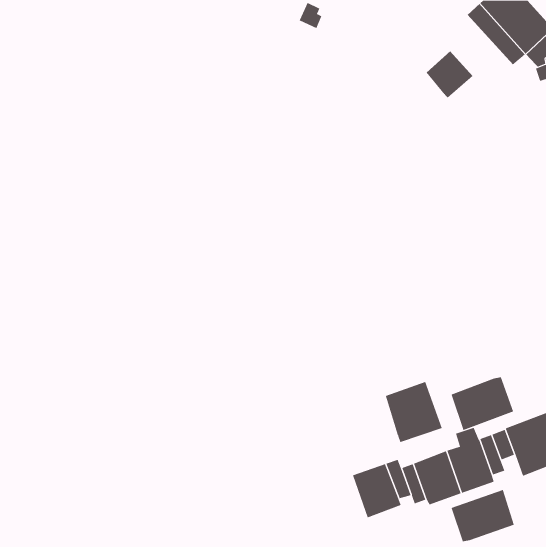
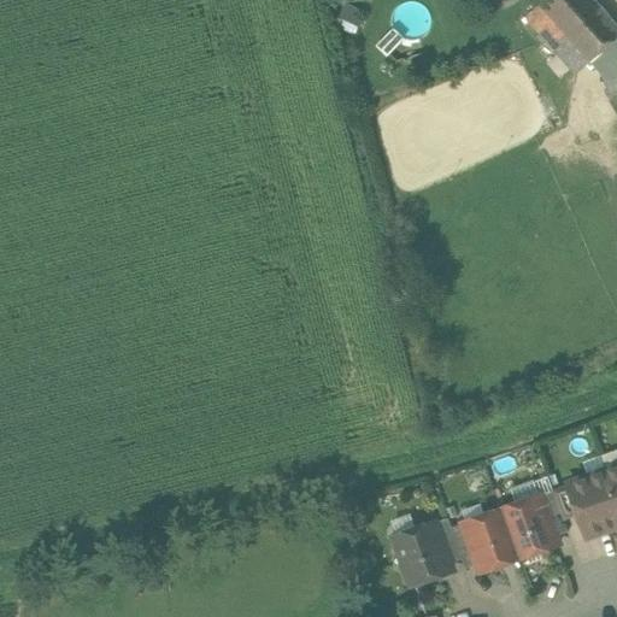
building: [426,51,473,98] -> none
building: [451,377,514,431] -> none
building: [385,381,443,443] -> none
building: [451,489,514,542] -> none

